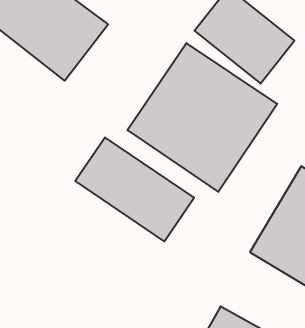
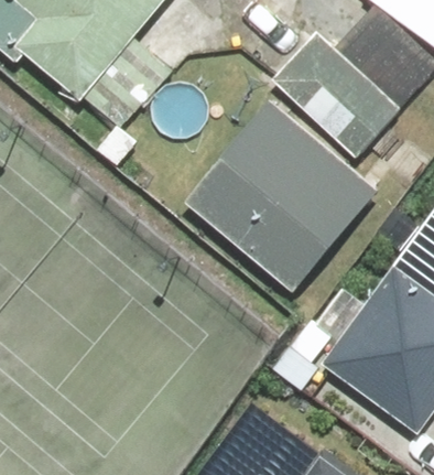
building: [75,137,194,241] -> none

